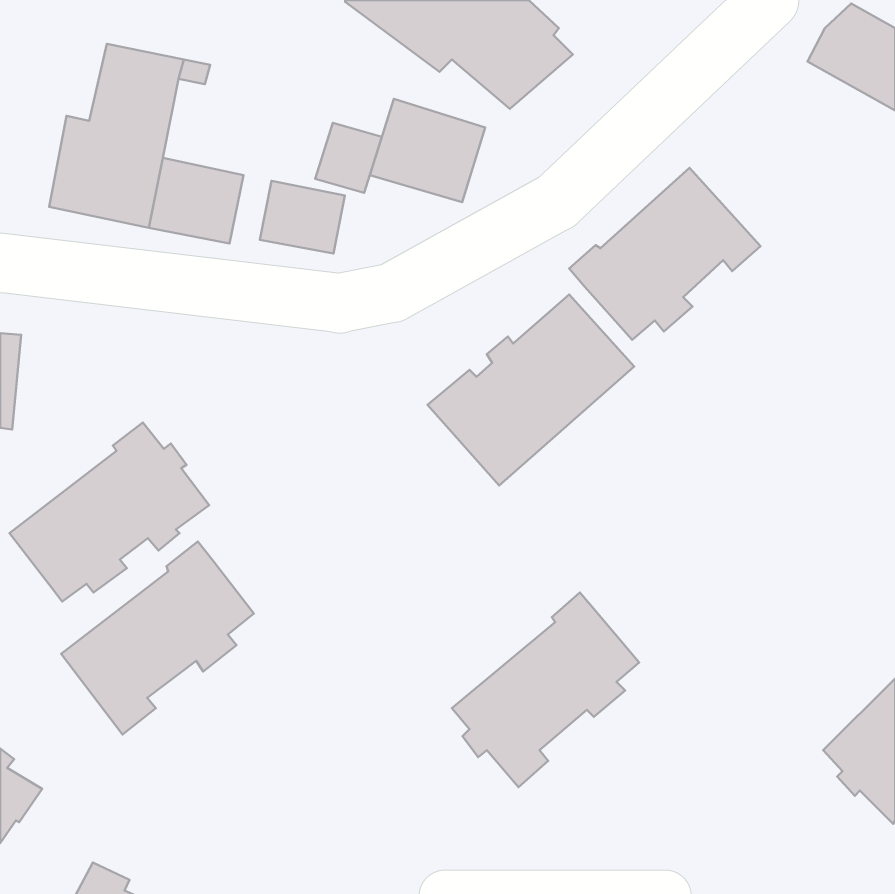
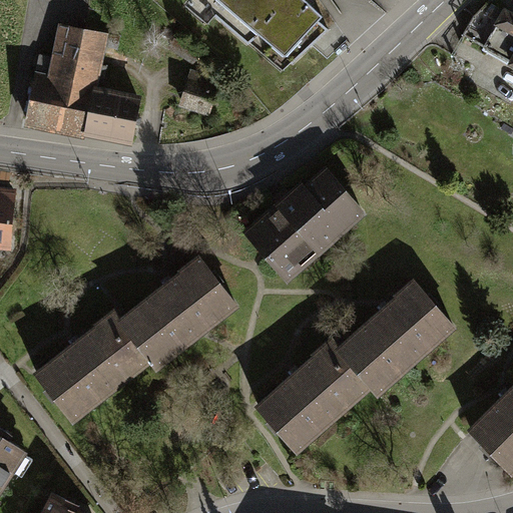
building: [370,99,485,202] -> none
building: [569,168,761,340] -> none
building: [260,181,345,254] -> none
building: [10,423,209,601] -> [121,258,235,360]
building: none -> [339,281,453,387]

